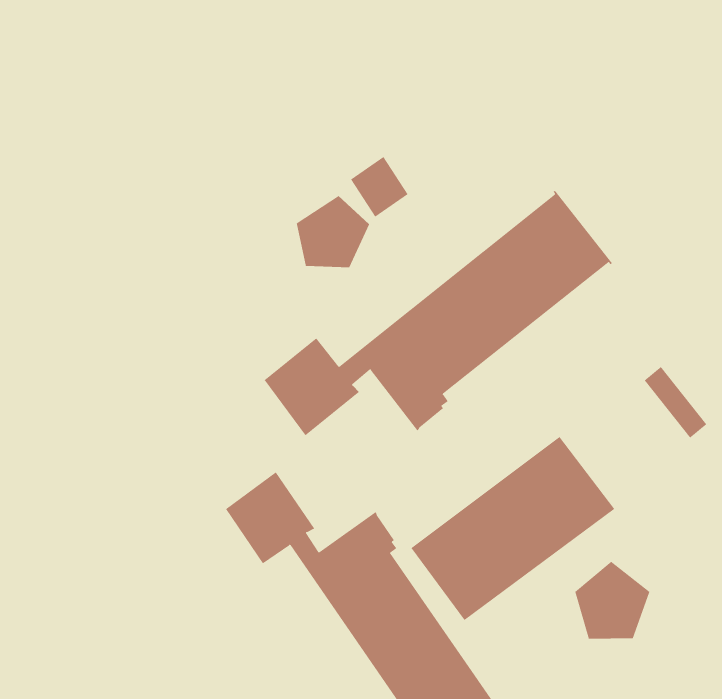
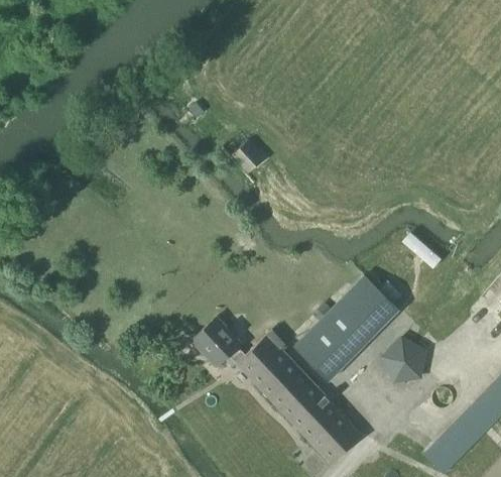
building: [264,190,613,436] -> none
building: [296,195,370,268] -> none

